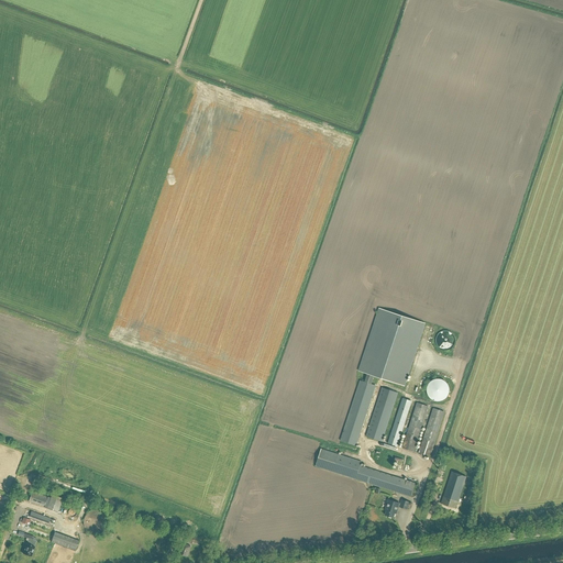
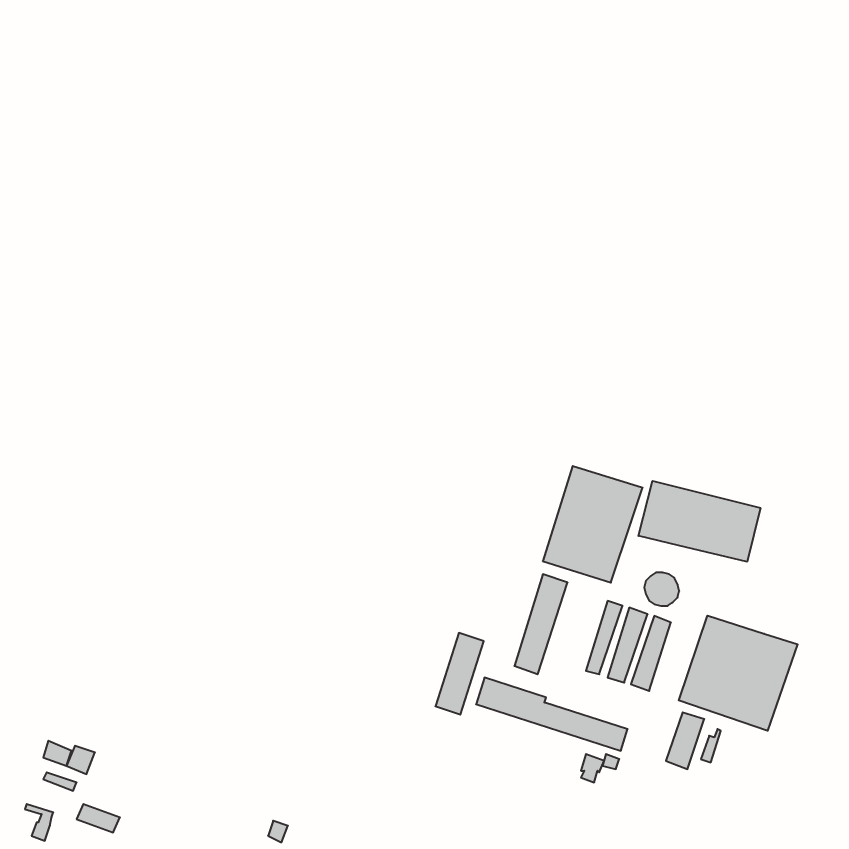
building: none -> [638,481,760,562]
building: [365,387,397,441] -> [435,633,484,715]
building: none -> [679,616,798,731]

